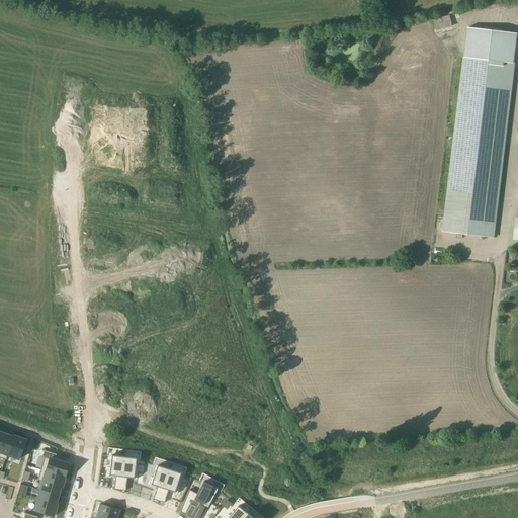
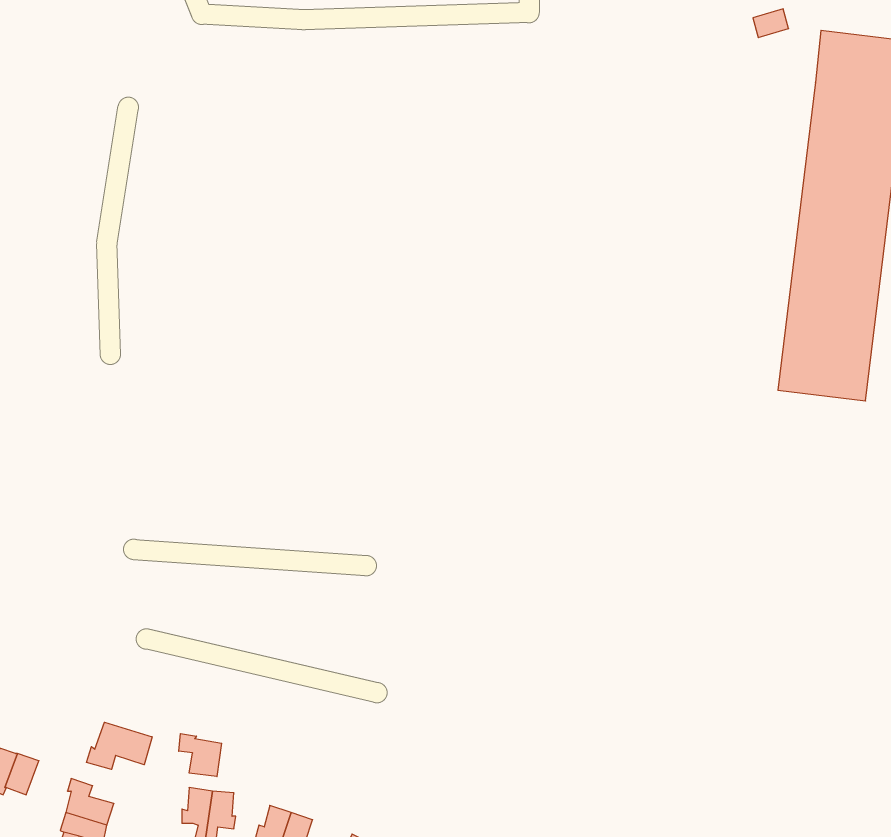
building: none -> [86,722,152,769]
building: none -> [179,734,222,777]

